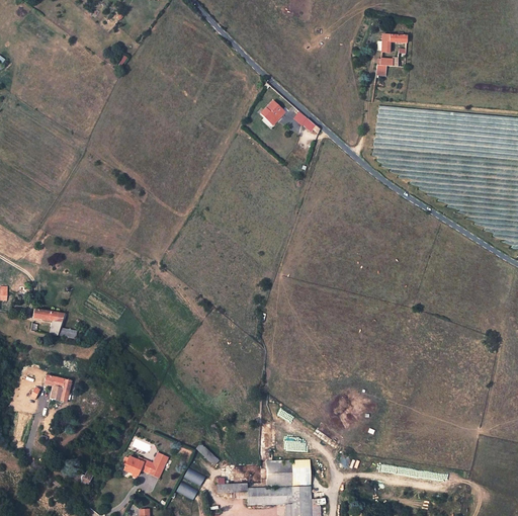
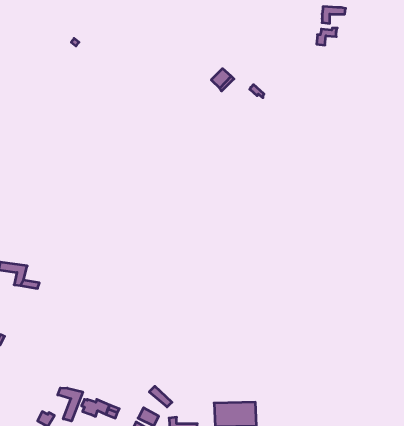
building: [45,375,72,403] -> none
building: none -> [58,388,83,421]

